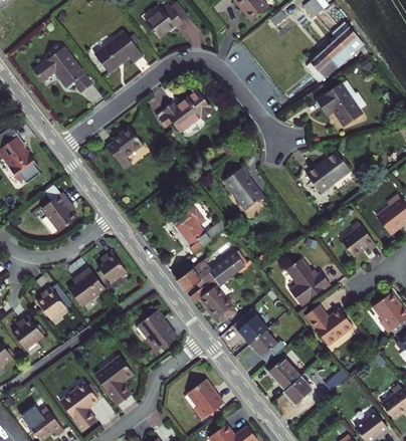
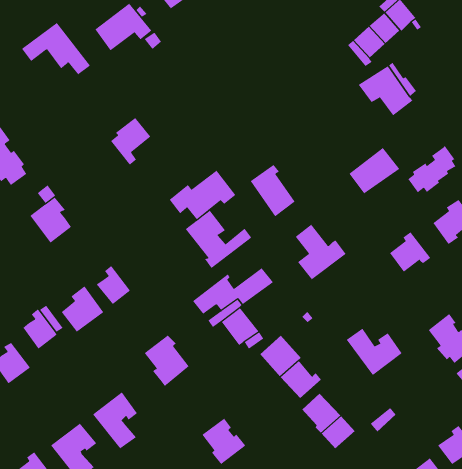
building: [158,90,214,133] -> [169,170,236,220]
building: none -> [407,145,456,193]
building: [287,257,331,304] -> [295,224,347,280]

